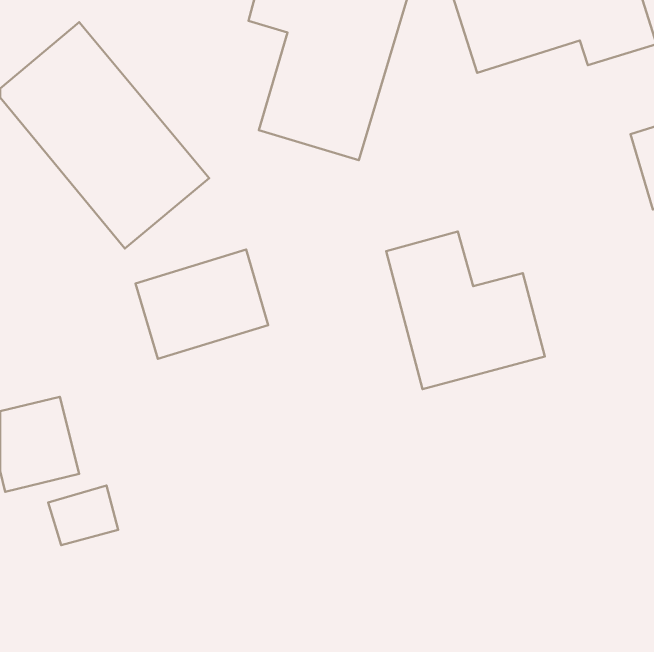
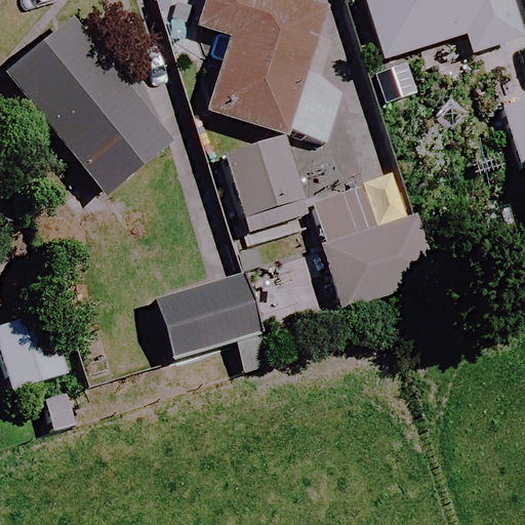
building: none -> [228,126,307,207]
building: [136,250,268,359] -> [157,273,261,359]

